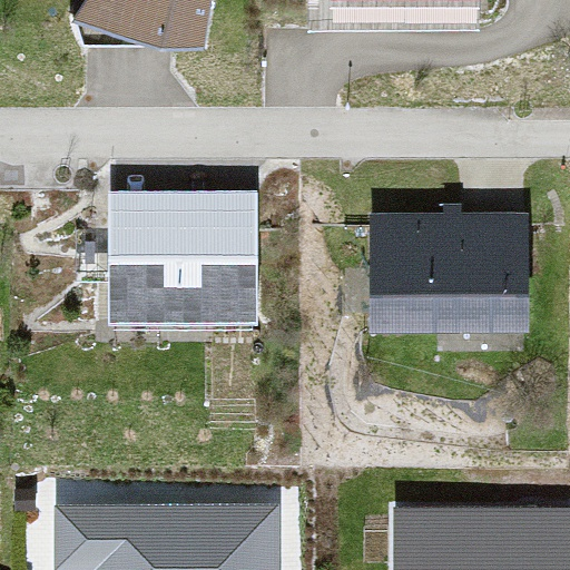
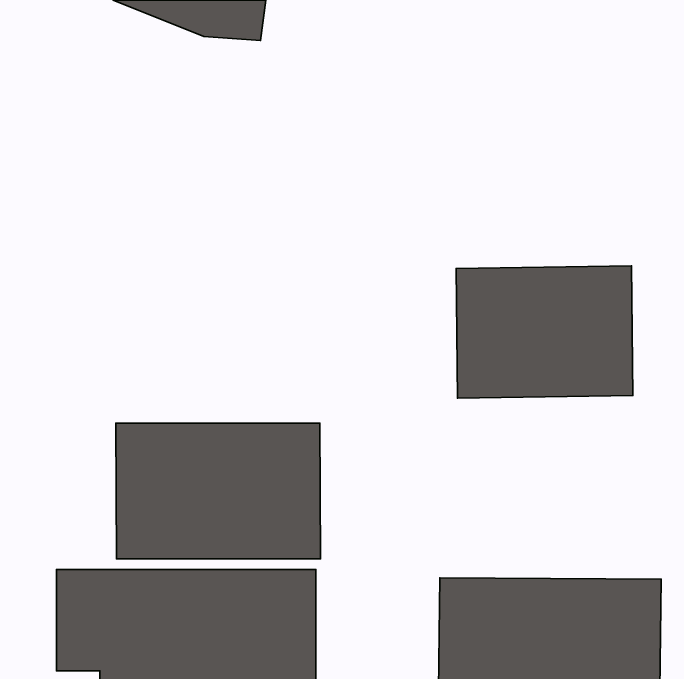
building: [119,206,257,331] -> none
building: none -> [116,423,320,559]

